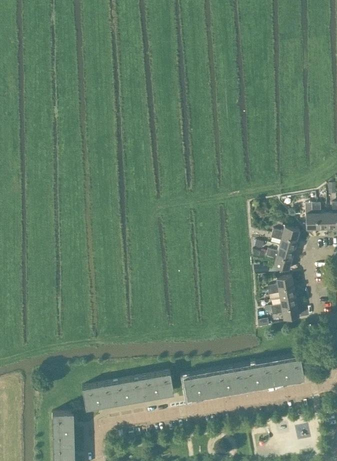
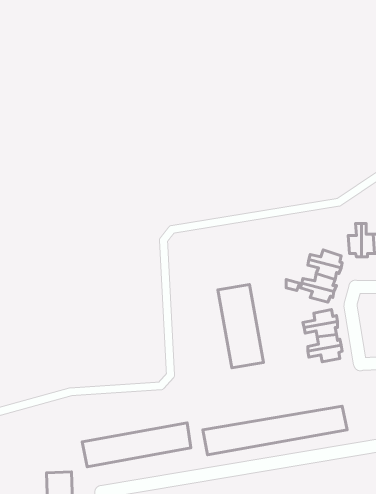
building: none -> [218,284,264,368]

